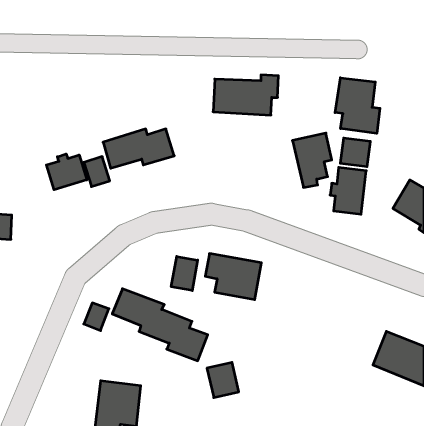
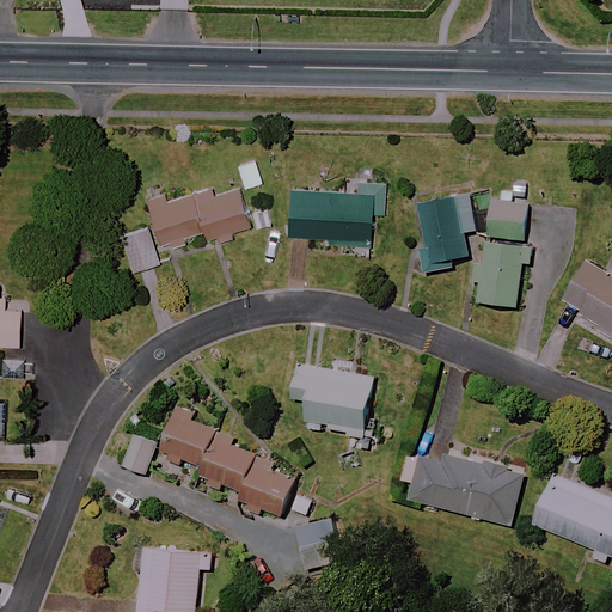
building: [213,75,278,115] -> [287,182,380,239]
building: [335,78,380,133] -> none
building: [46,154,87,190] -> none
building: [171,256,198,291] -> none
building: none -> [408,454,524,526]

